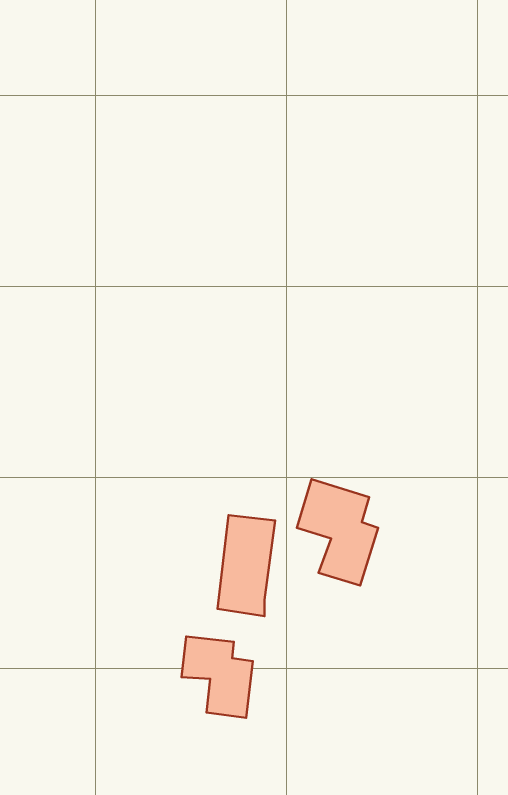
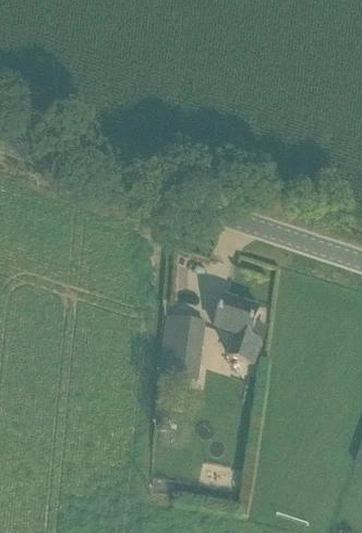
building: [181,636,253,718] -> none

